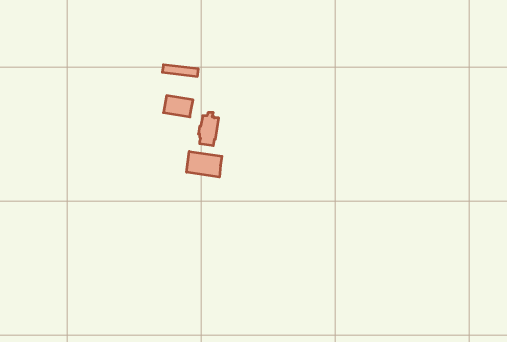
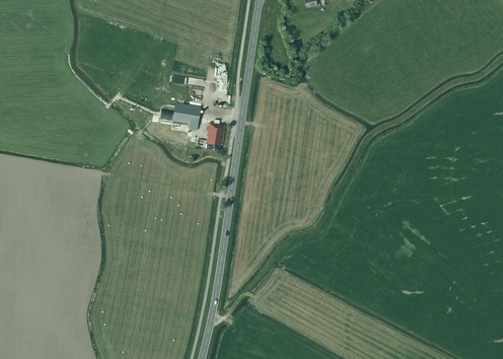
building: [187,151,222,177] -> none

